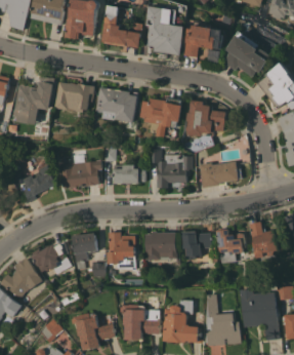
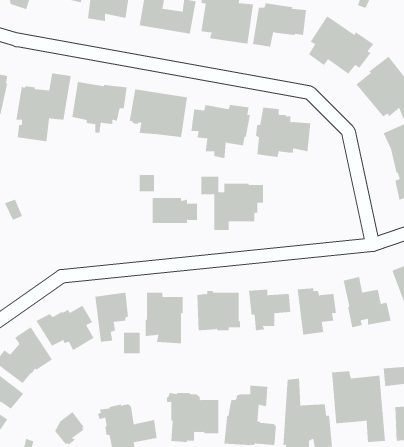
building: [57,160,100,190] -> none
building: [198,162,238,188] -> none
building: [17,166,54,204] -> none

